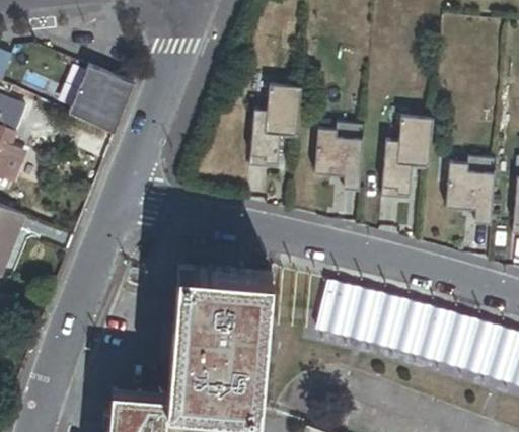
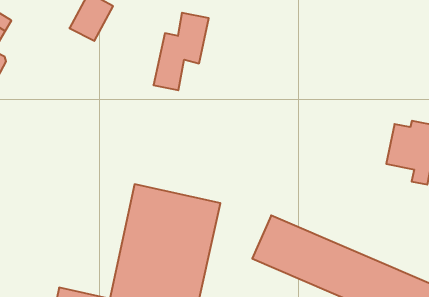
building: [251,85,301,168] -> [153,13,209,90]
building: [382,116,433,200] -> none
building: [312,124,364,190] -> none

